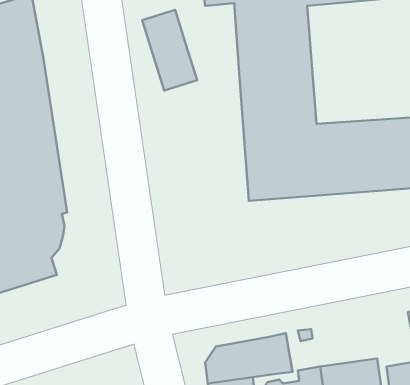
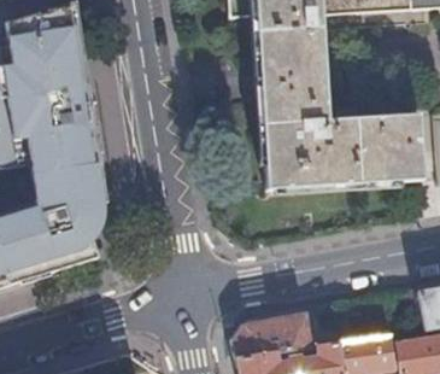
building: [142,10,197,90] -> none

